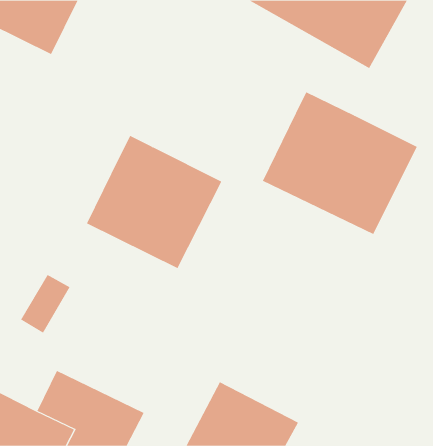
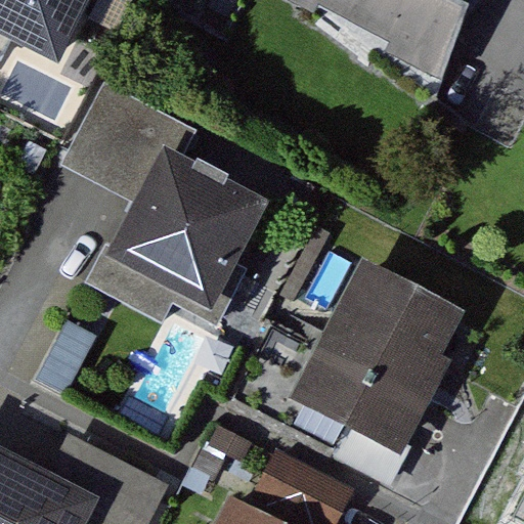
building: none -> [58,84,199,204]
building: [262,91,417,235] -> none
building: none -> [301,260,465,445]

